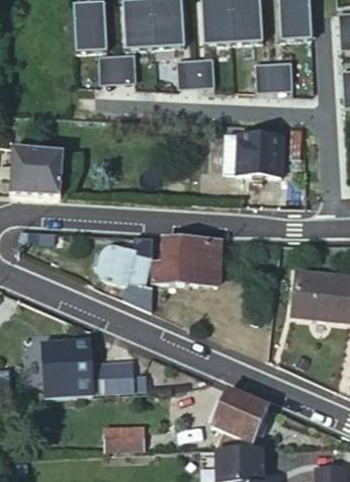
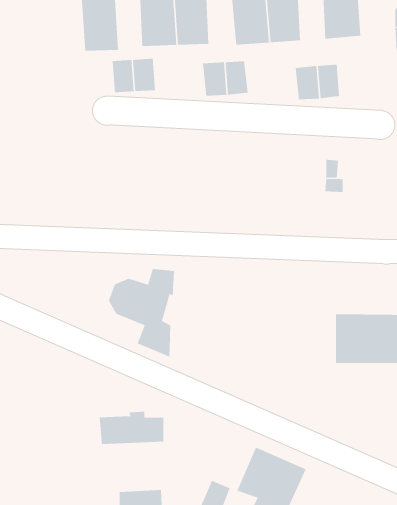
building: [234,128,277,172] -> none
building: [11,148,60,195] -> none
building: [153,238,221,283] -> none
building: [40,340,92,399] -> none

